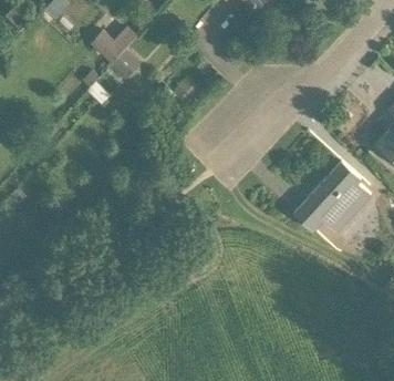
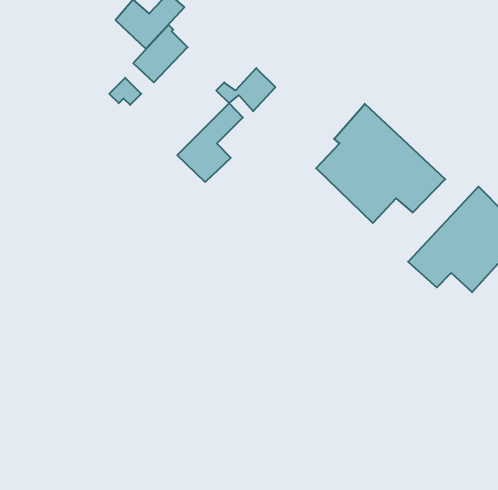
building: none -> [177,103,243,182]
building: none -> [316,104,445,223]

